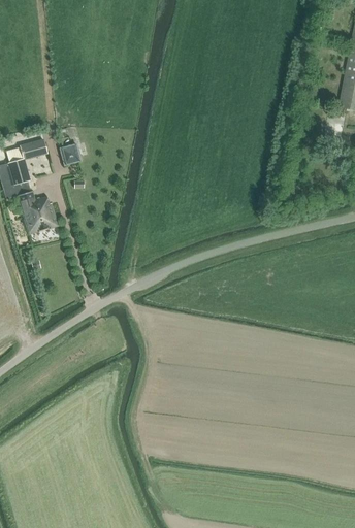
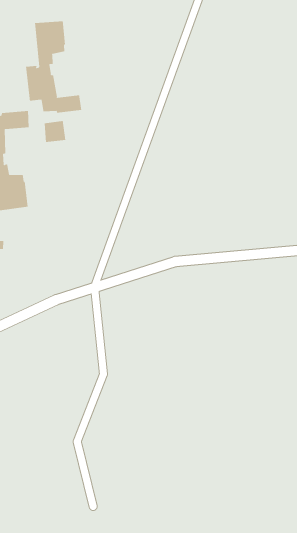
building: none -> [25,20,82,114]

